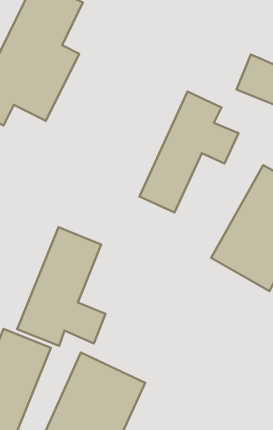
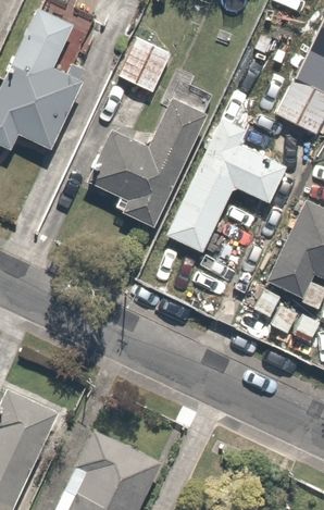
building: none -> [115,41,171,98]
building: none -> [79,99,208,232]
building: [17,227,106,346] -> none

